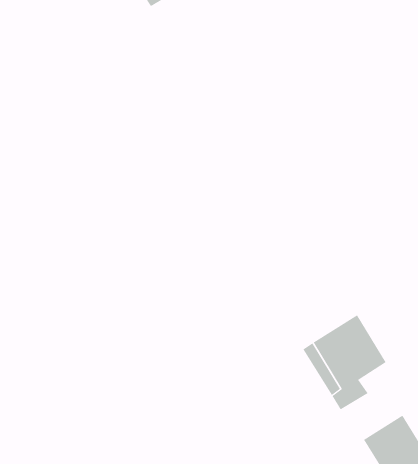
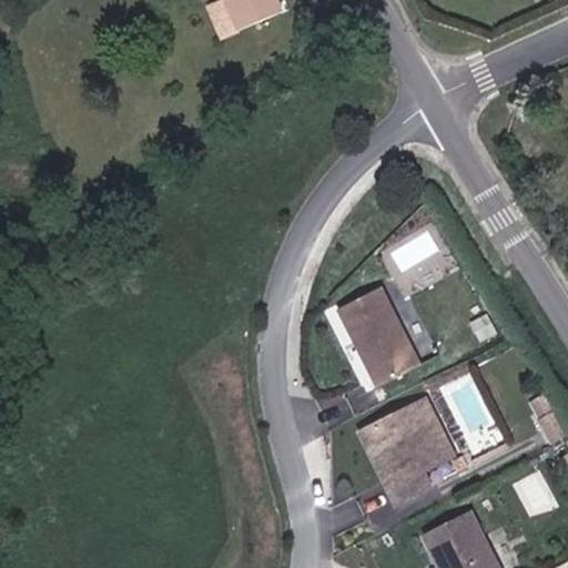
building: none -> [336,287,417,385]

